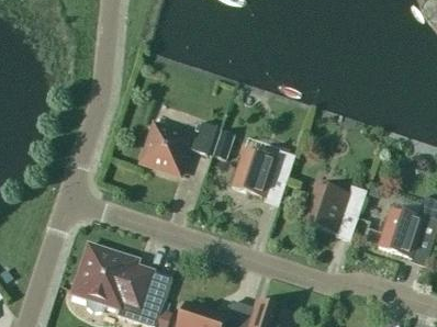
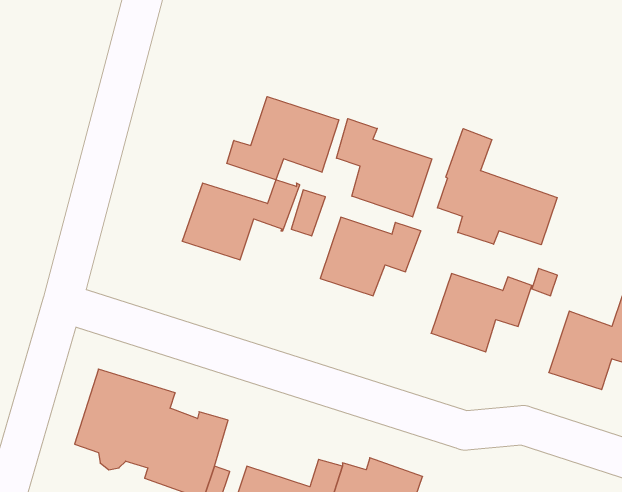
building: none -> [227,97,339,180]
building: none -> [336,119,432,217]
building: none -> [437,129,557,245]

